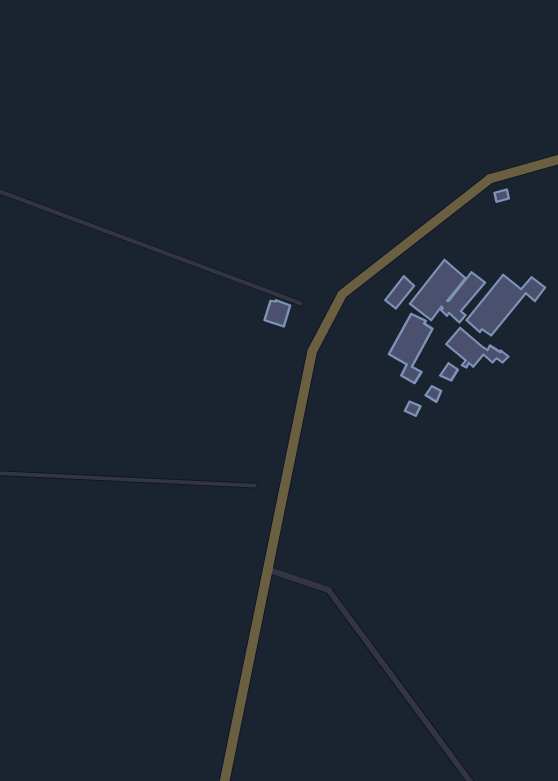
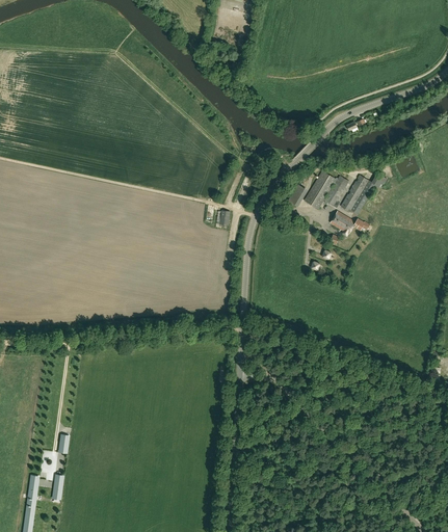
building: [389,314,433,383] -> none

